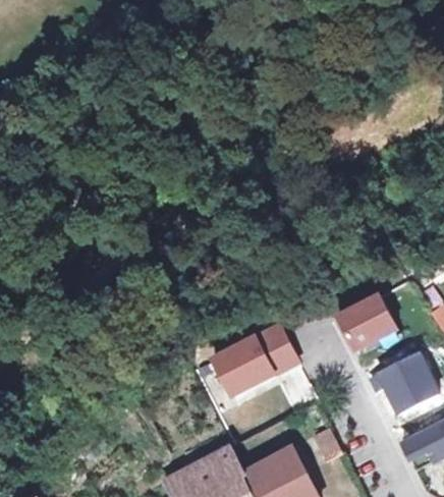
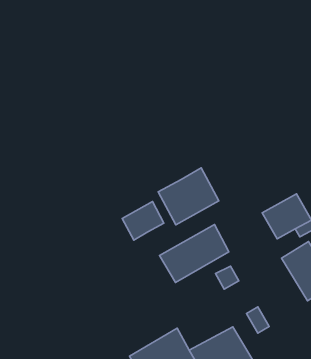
building: none -> [158,168,219,225]
building: none -> [122,202,164,240]

